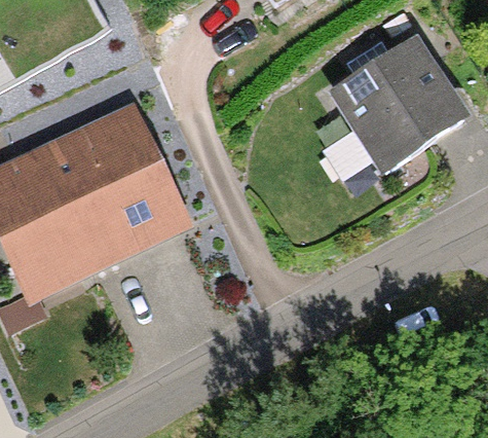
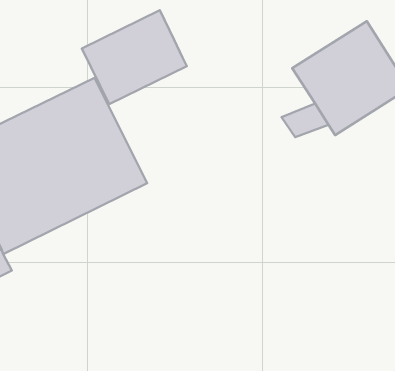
building: none -> [82,10,187,104]

